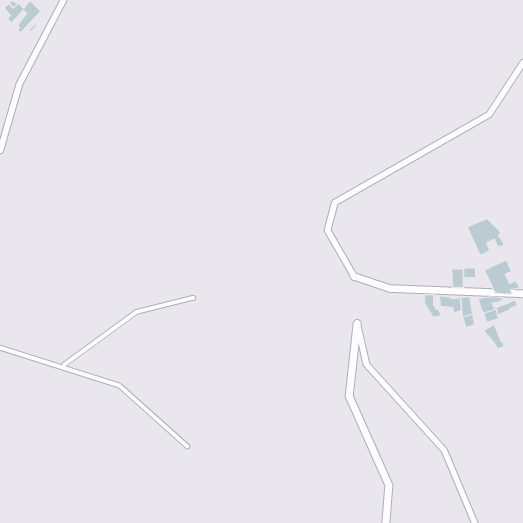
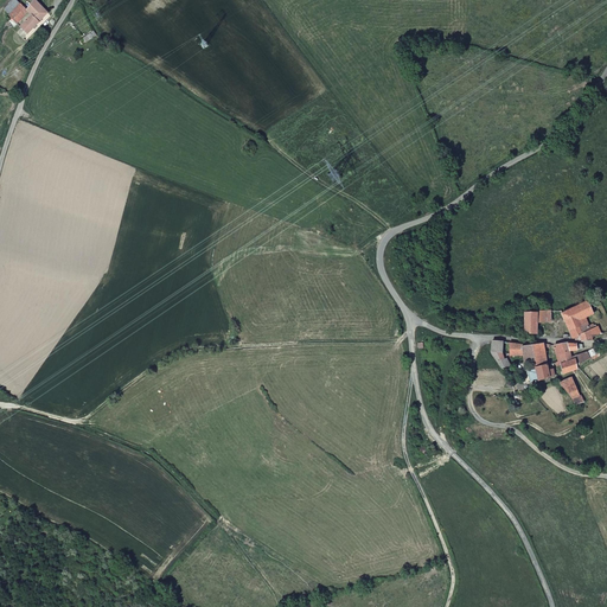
building: [467,218,505,255] -> none

